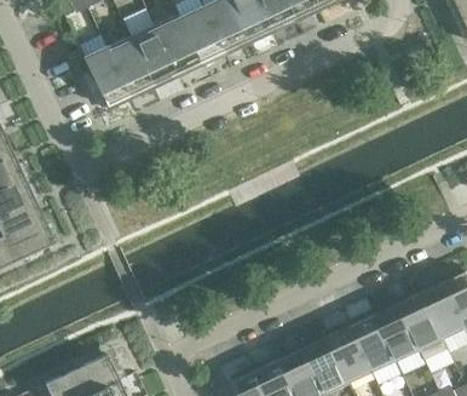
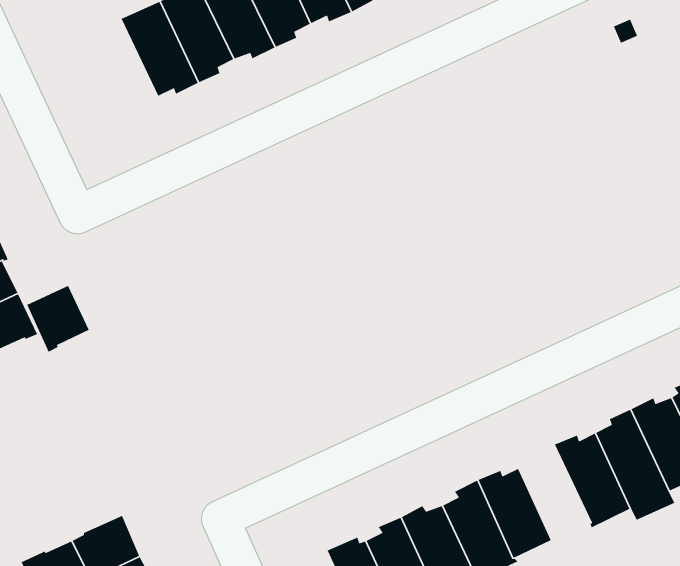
building: [82,47,127,109] -> none
building: none -> [26,285,90,353]
building: [350,310,394,369] -> none

